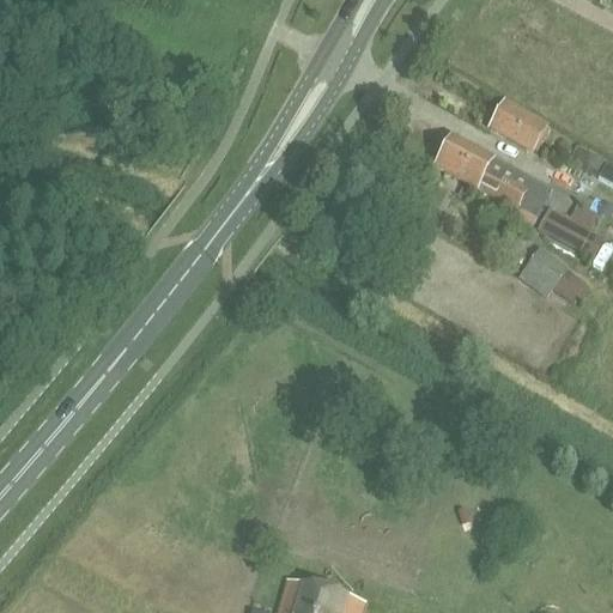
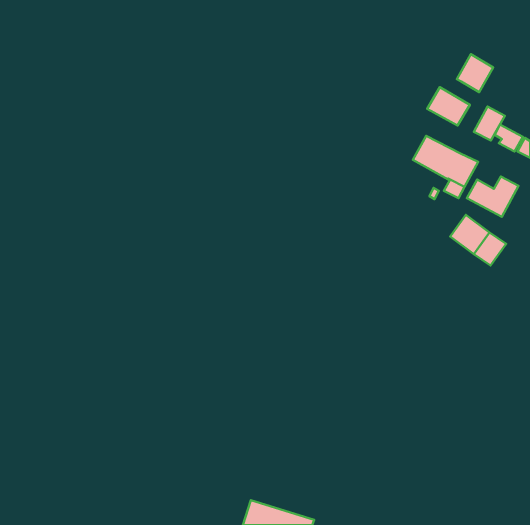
building: none -> [457,54,493,92]
building: none -> [474,106,505,141]
building: [436,133,493,184] -> none

